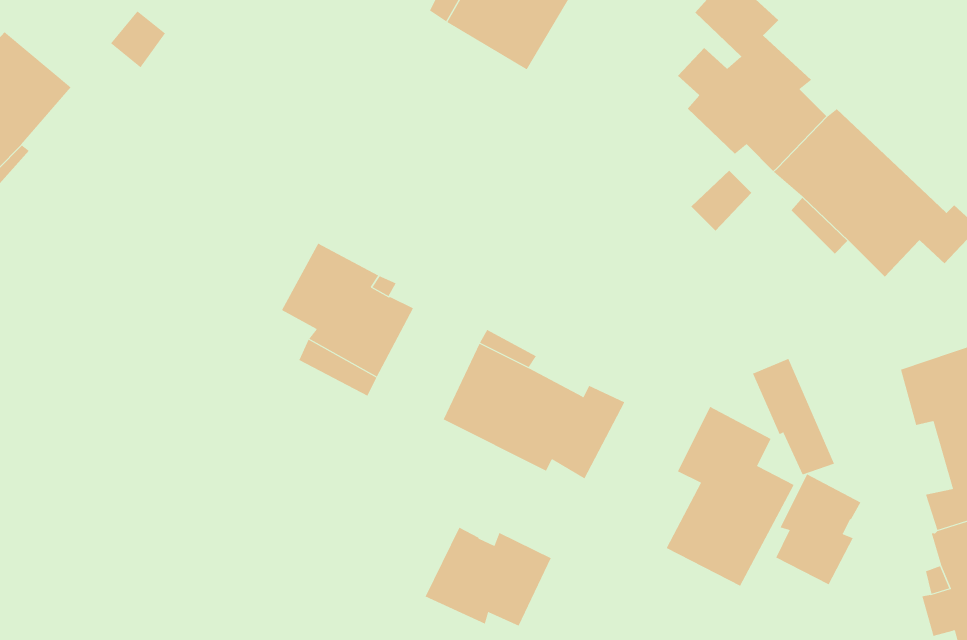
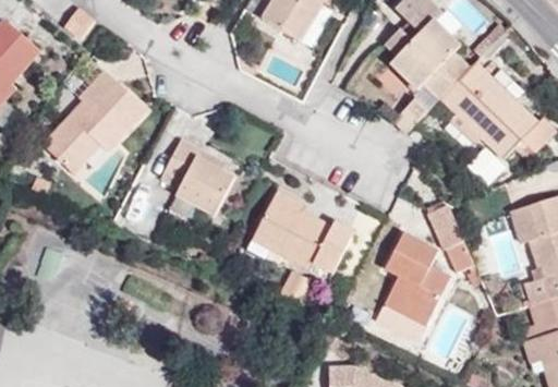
building: none -> [43,71,146,174]
building: [775,474,861,585] -> none
building: [425,527,551,627] -> none

